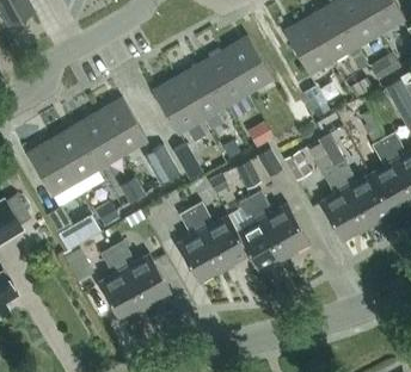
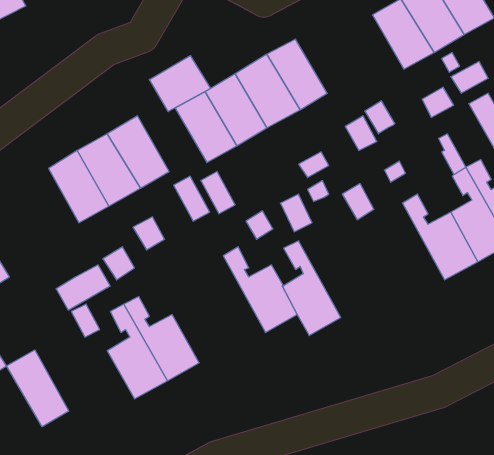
building: [283,18,333,75] -> none
building: none -> [149,56,210,112]
building: [26,140,75,197] -> none
building: [319,167,366,241] -> none
building: [250,191,309,258] -> none
building: [177,209,223,283] -> none
building: none -> [6,350,69,427]

